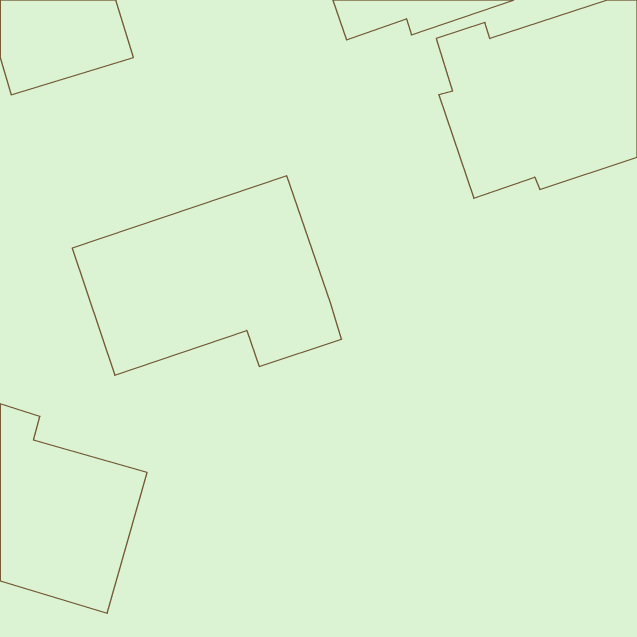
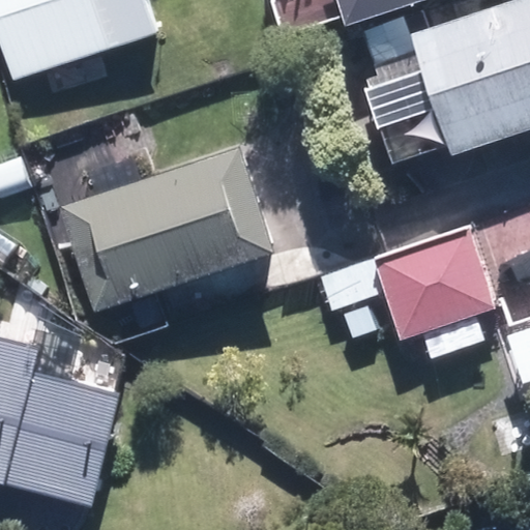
building: none -> [321,224,500,360]

